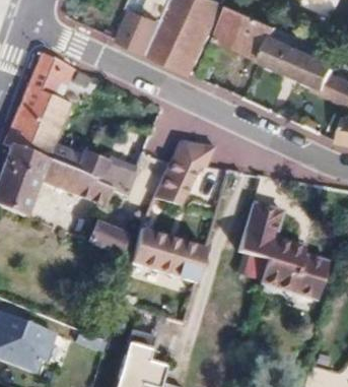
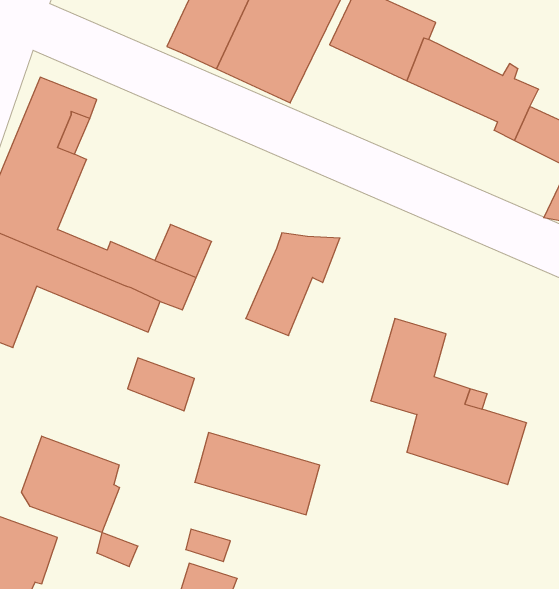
building: [135,231,209,279] -> [195,433,320,515]
building: none -> [22,436,119,532]

